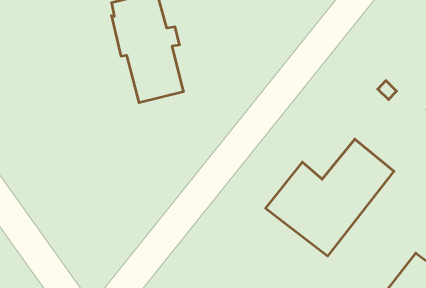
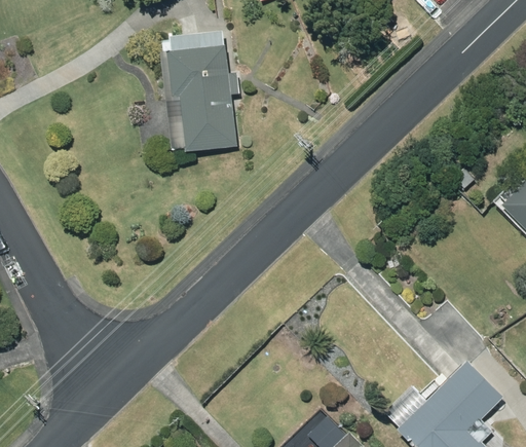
building: [266,139,394,256] -> none

